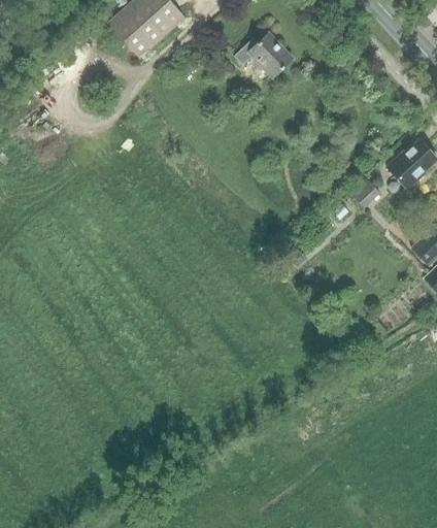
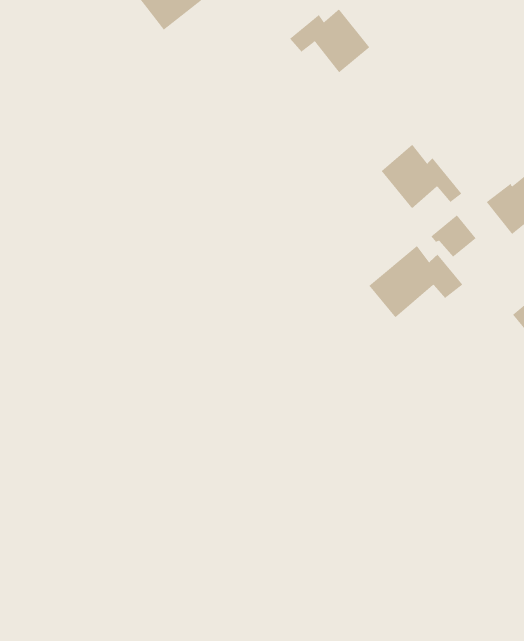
building: none -> [381,144,462,209]
building: none -> [369,245,463,318]

